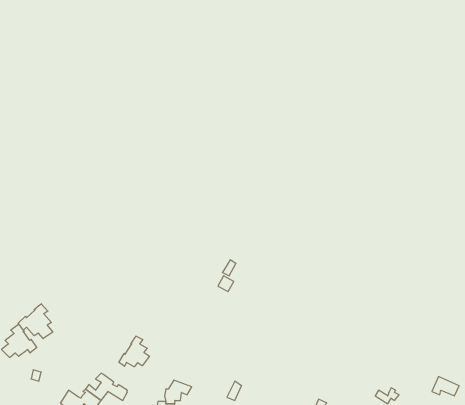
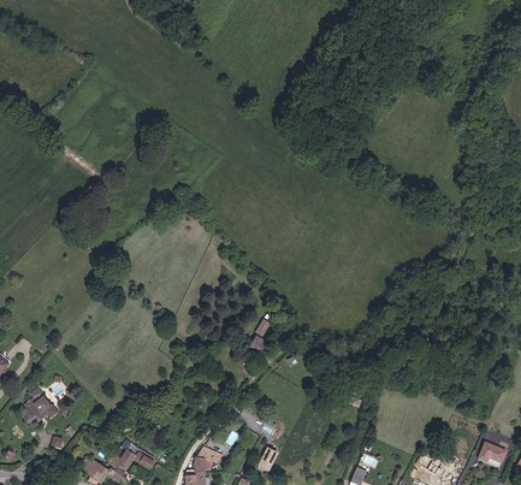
building: [18,304,53,339] -> none
building: [119,336,149,367] -> none

